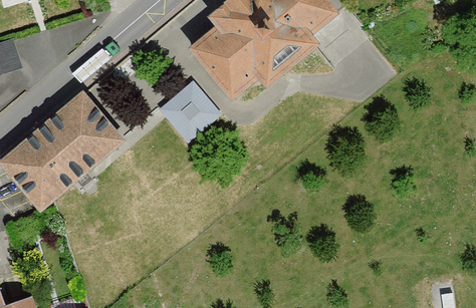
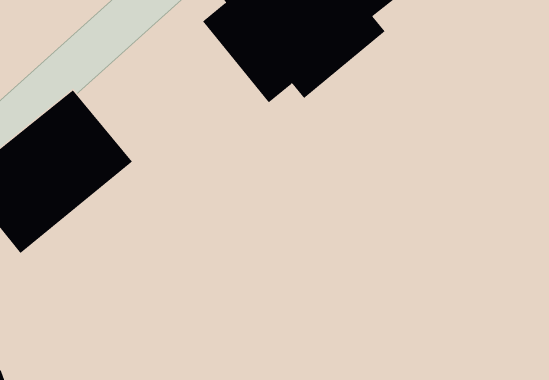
building: [157,79,223,145] -> none

